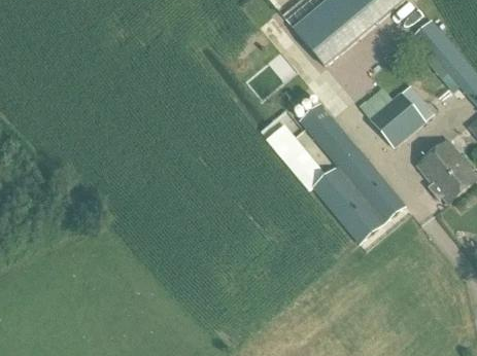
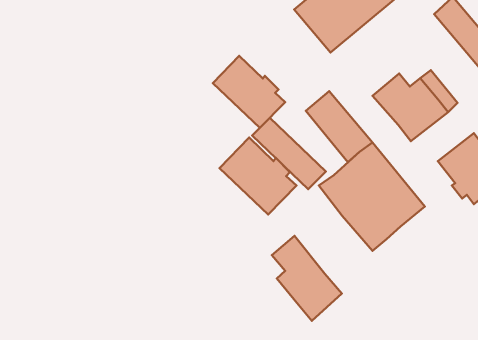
building: none -> [213,56,285,128]
building: none -> [220,137,297,214]
building: none -> [272,236,342,321]

